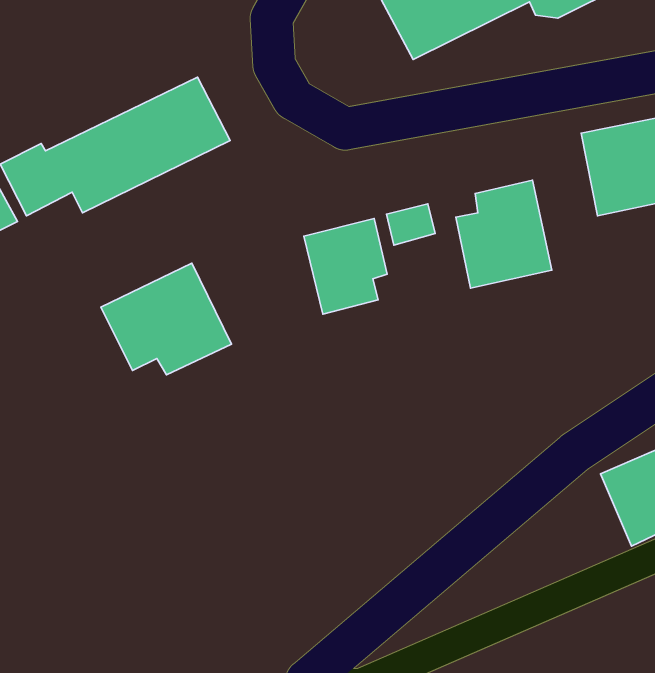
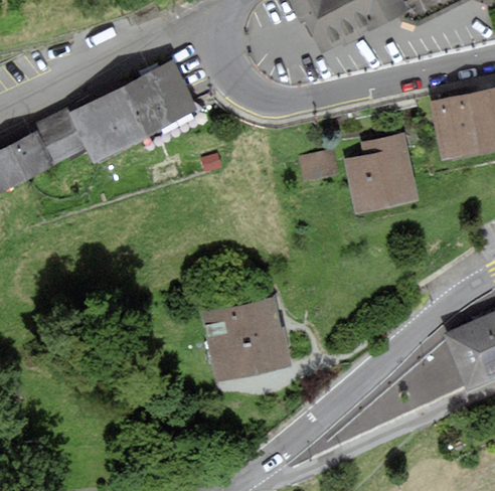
building: [304,219,387,314] -> none
building: [101,263,231,375] -> none
building: none -> [207,296,290,374]

